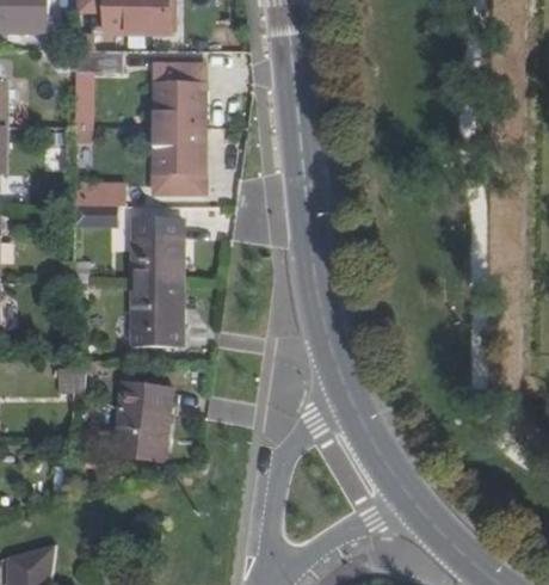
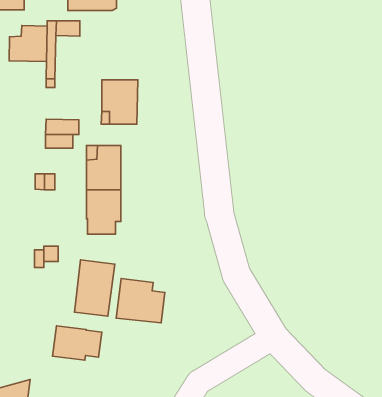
building: none -> [9,26,47,62]
building: [154,64,204,128] -> none
building: none -> [116,278,165,323]
building: none -> [53,326,102,360]

